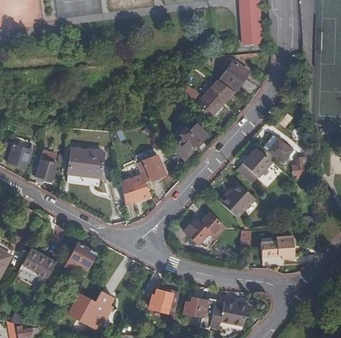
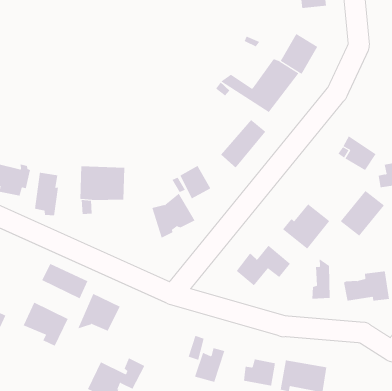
building: [236,149,270,183] -> [340,190,385,236]
building: none -> [42,263,88,299]

